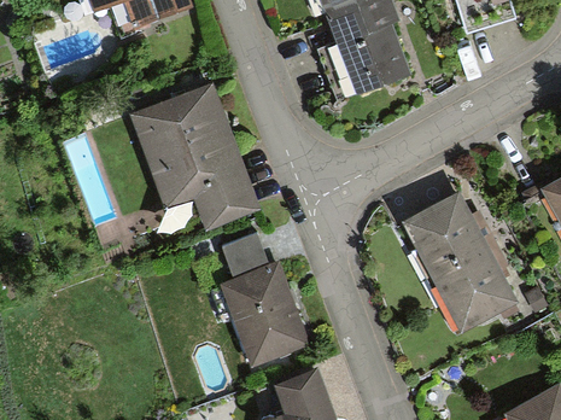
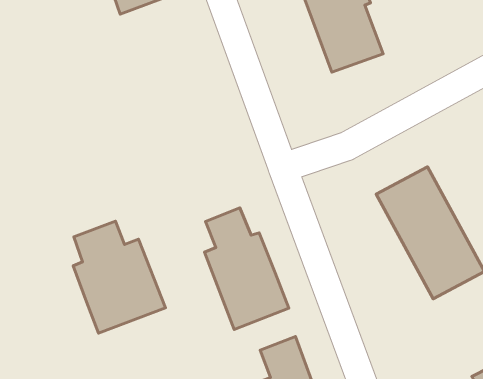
building: [128,91,249,231] -> none
building: none -> [73,221,165,333]

